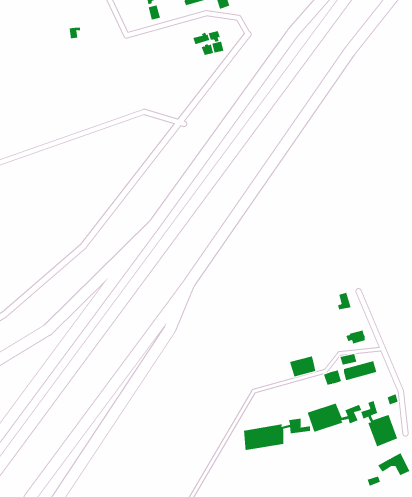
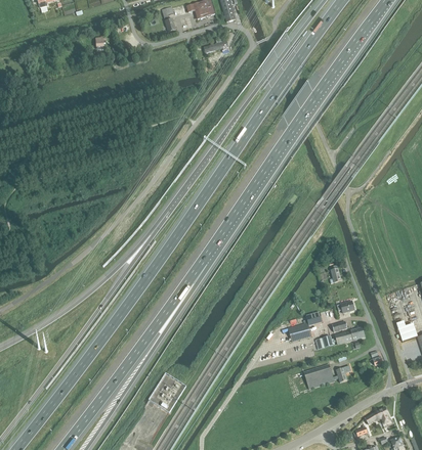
building: [361,400,398,447] -> none
building: [243,418,311,451] -> none

